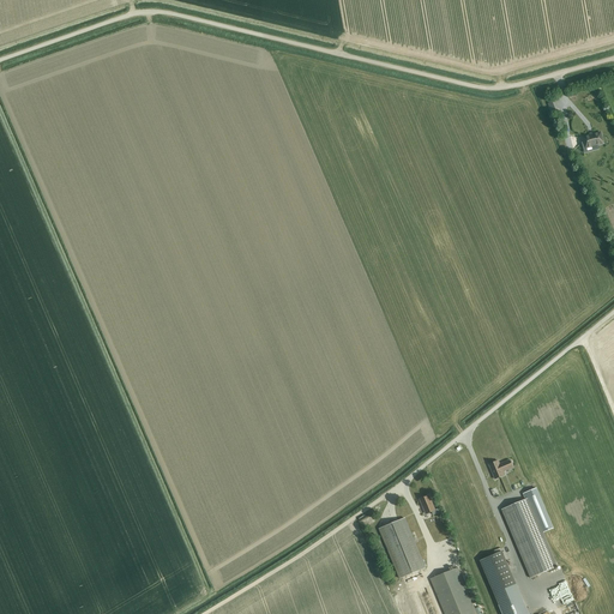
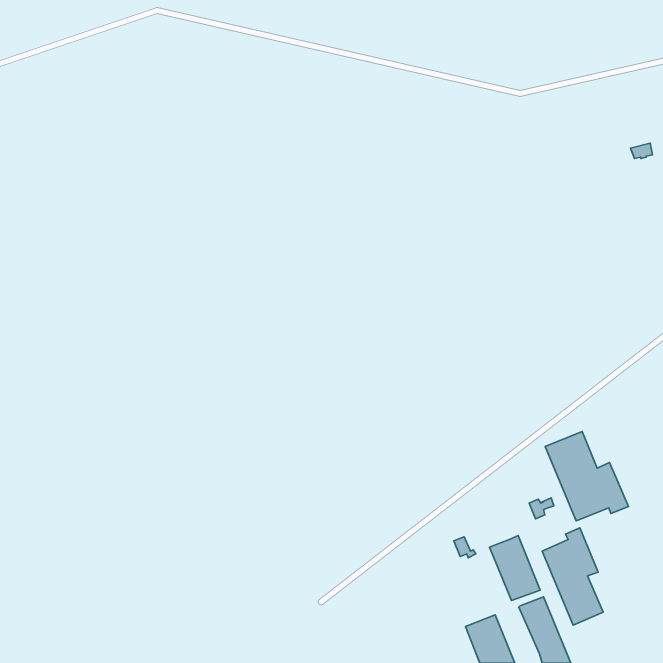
building: none -> [545,431,629,521]
building: [378,517,425,577] -> [489,535,540,600]

